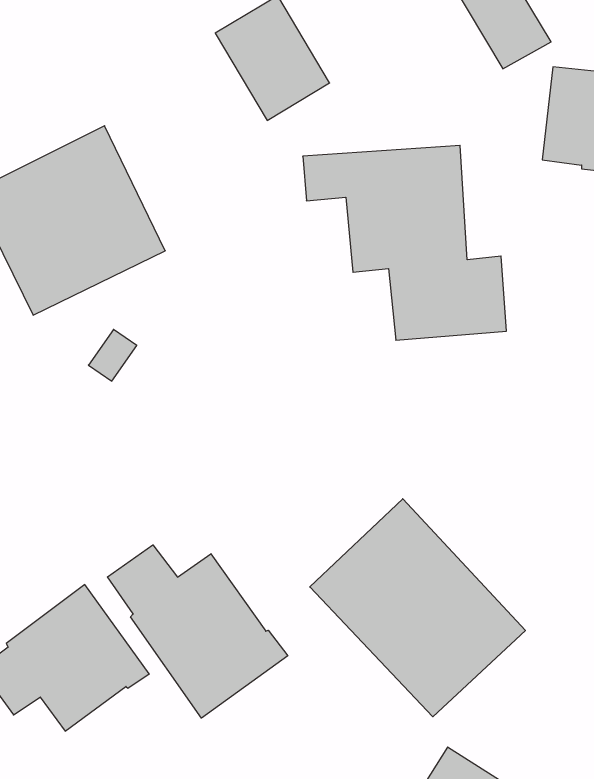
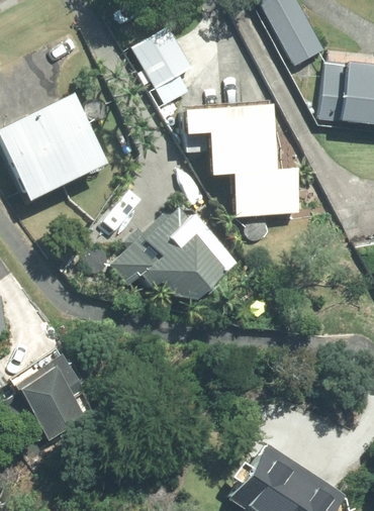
building: none -> [109,203,224,302]
building: [310,499,525,717] -> none
building: [107,545,288,718] -> none

